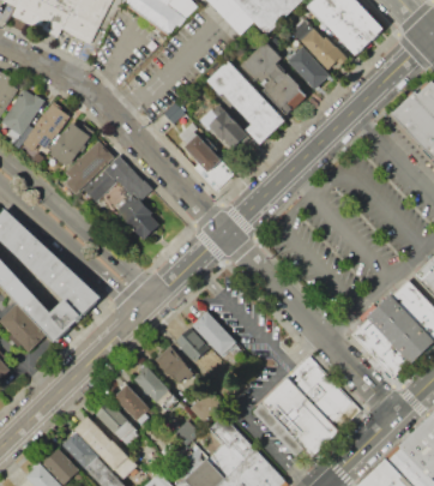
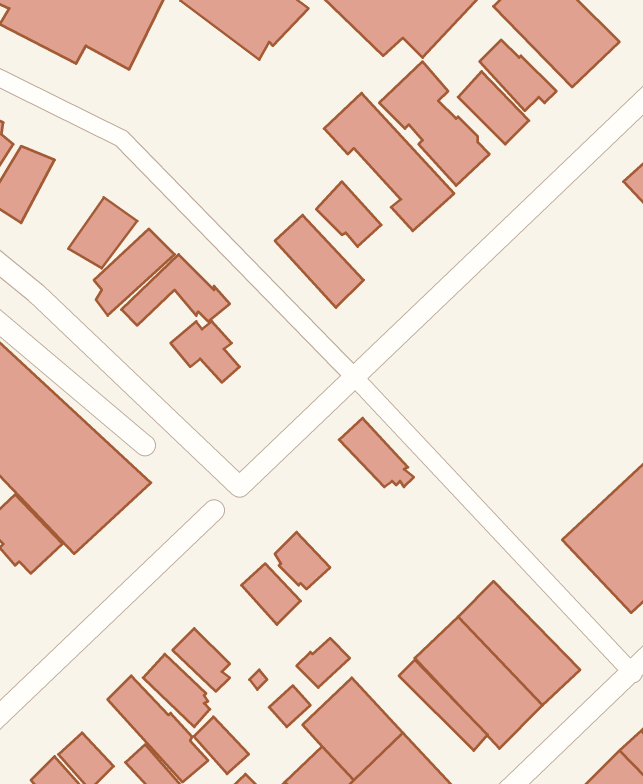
building: [23,104,70,151] -> none
building: [193,311,239,353] -> [339,418,414,487]
building: [134,364,171,401] -> none
building: [64,433,97,468] -> [194,717,249,774]

